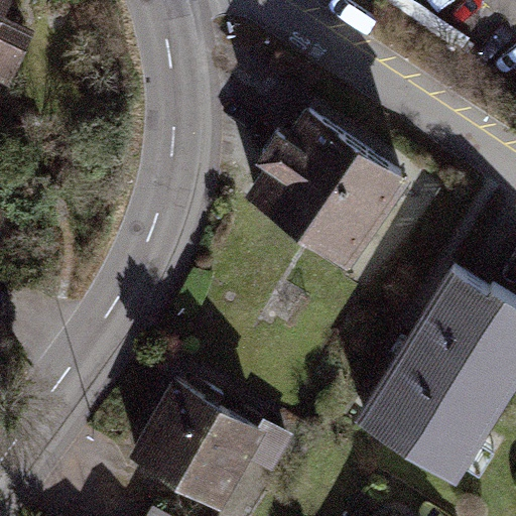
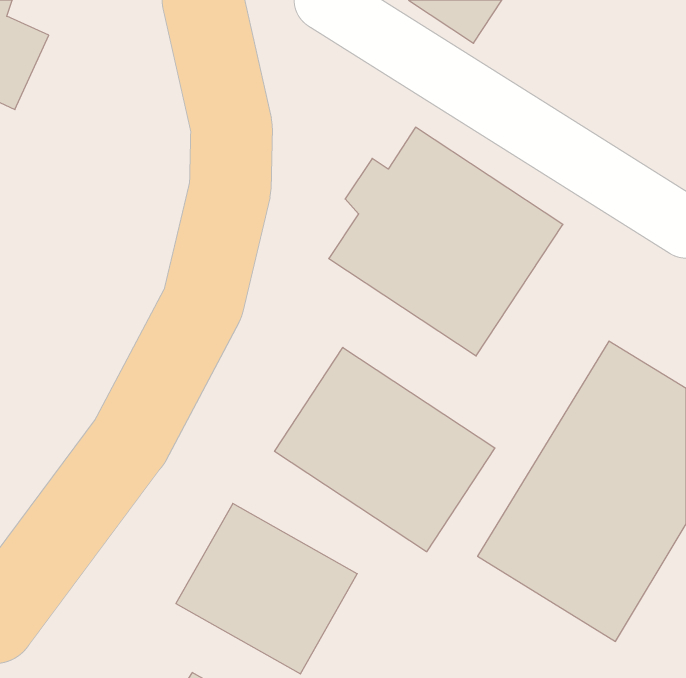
building: none -> [275,347,495,552]

